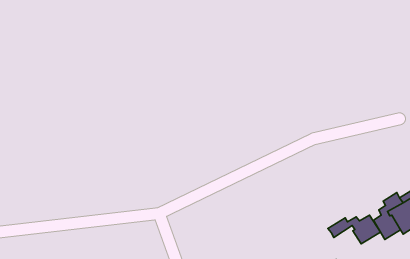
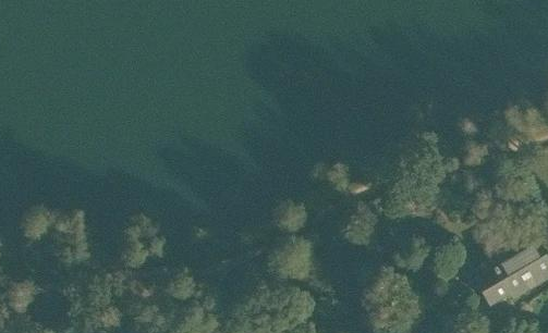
building: [328,215,380,244] -> none

